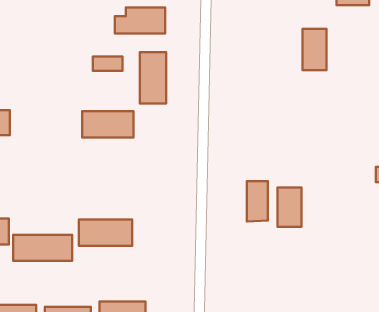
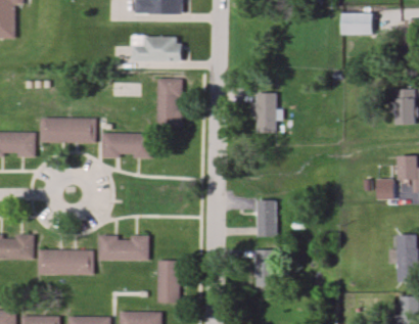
building: [302,29,326,70] -> [253,94,276,133]
building: none -> [41,119,96,143]
building: [278,187,302,227] -> [252,250,275,287]
building: none -> [157,260,180,303]

